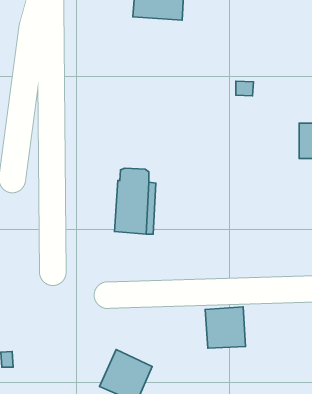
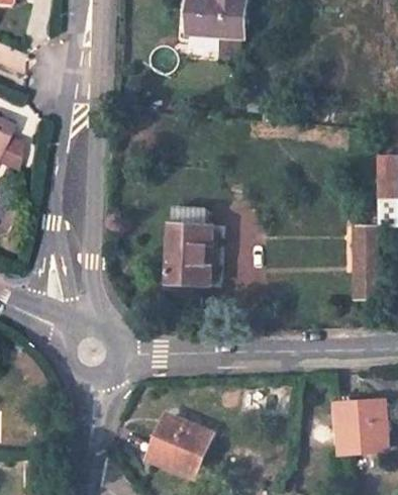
building: none -> [353,226,378,298]
building: [205,307,246,348] -> [338,403,385,451]

